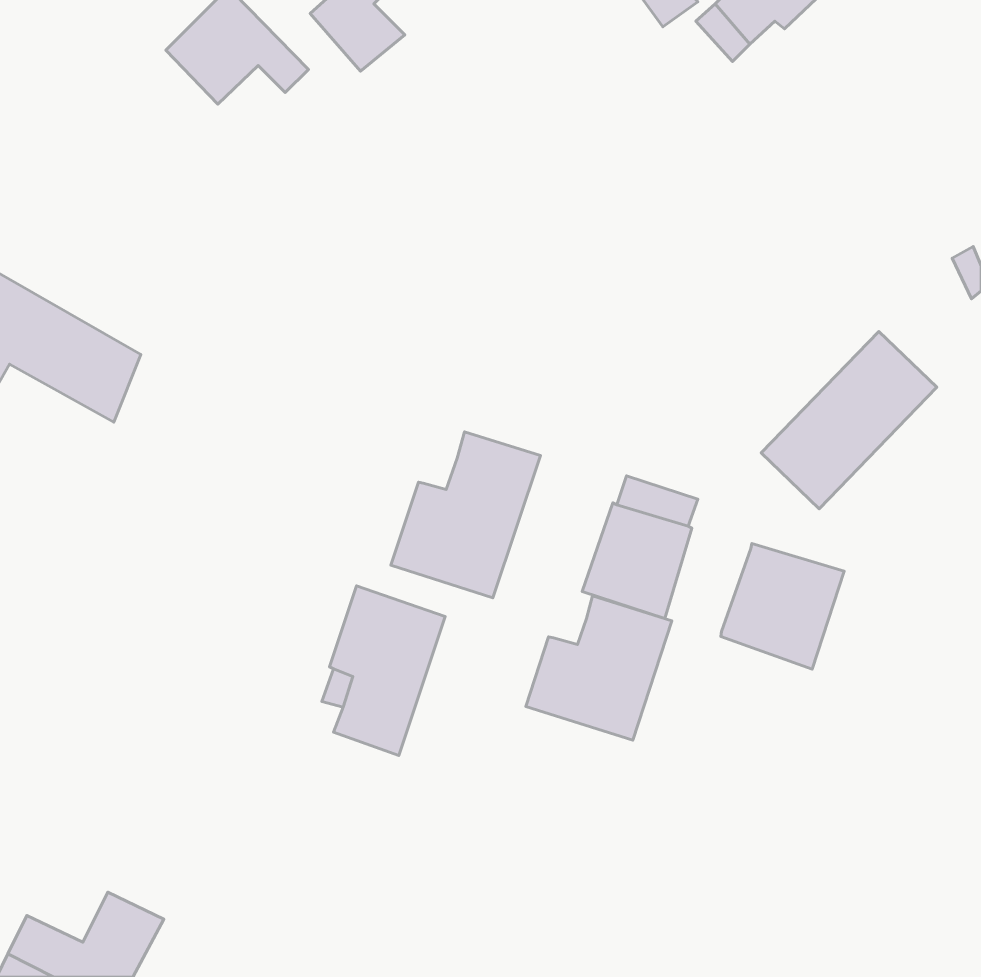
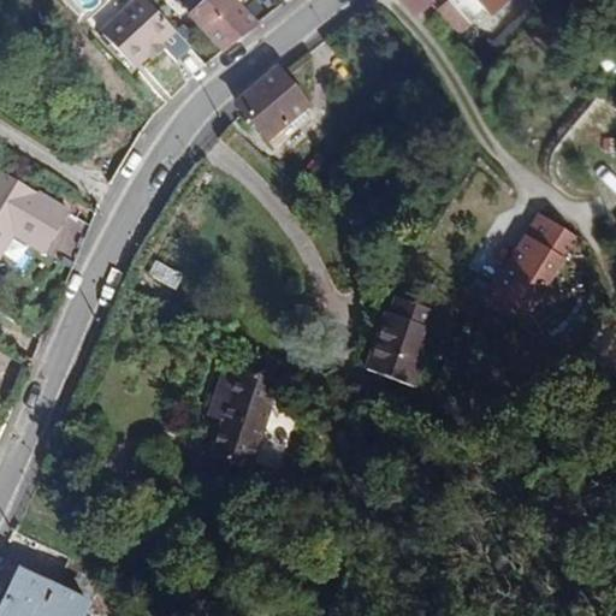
building: none -> [233,69,313,149]
building: [391,432,540,598] -> none
building: [721,543,844,669] -> none
building: [526,596,672,740] -> none

